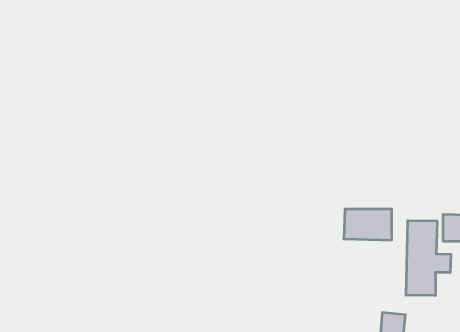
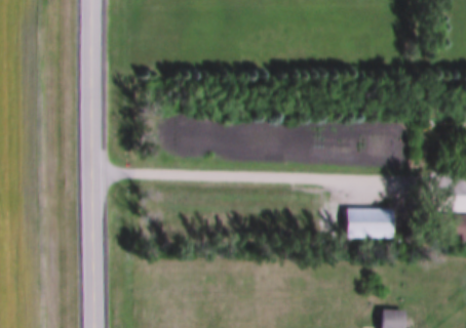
building: [406,221,451,296] -> none

